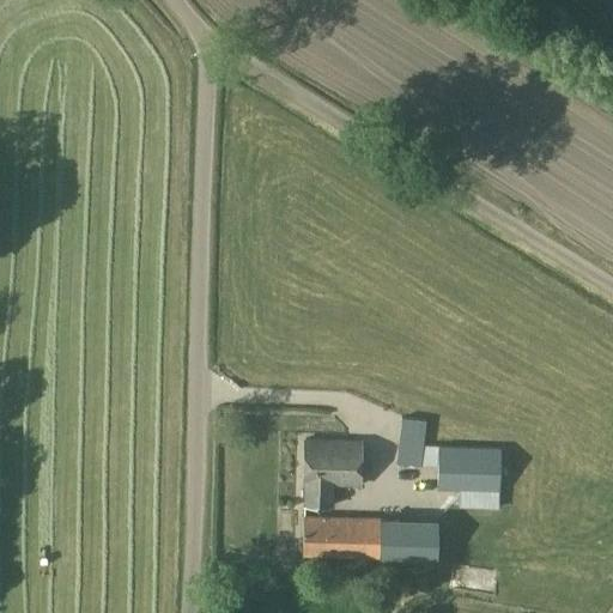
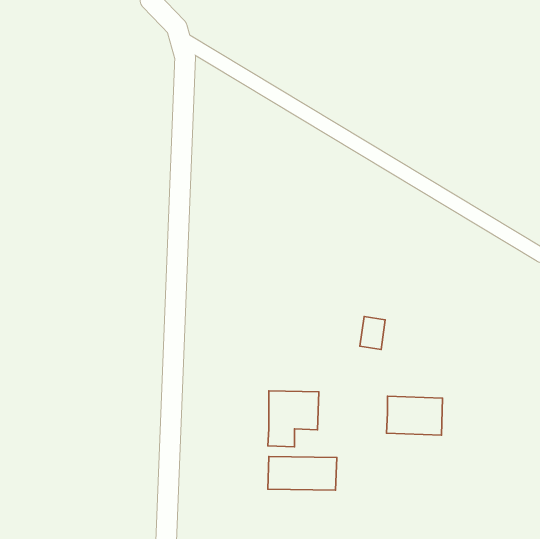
building: [399,421,427,459] -> [360,317,385,349]
building: [381,520,438,559] -> none

